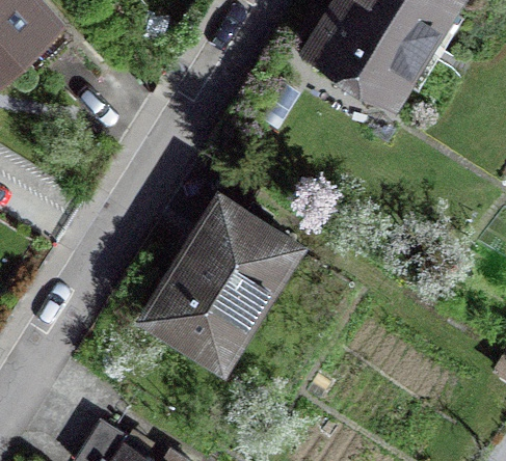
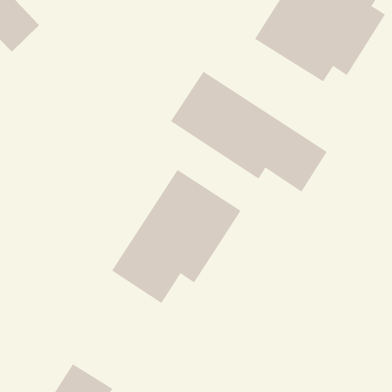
building: none -> [170,71,327,192]

